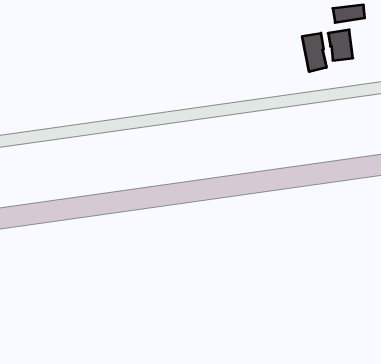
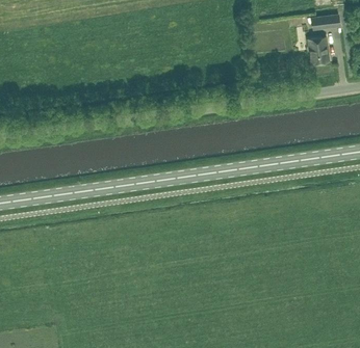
building: [302,33,326,72] -> none

